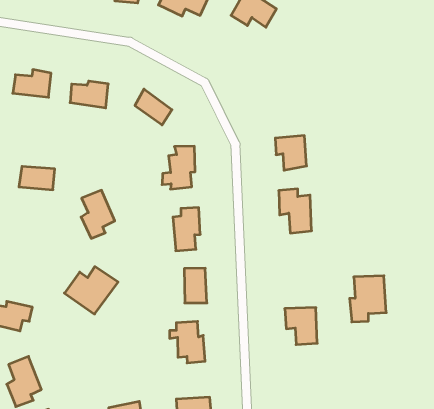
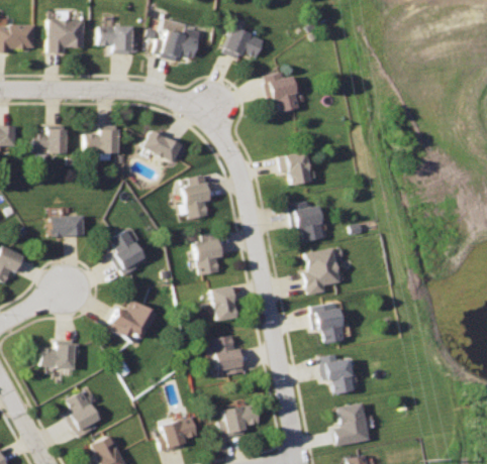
building: none -> [264,71,301,112]
building: [350,276,386,322] -> [305,247,340,294]
building: none -> [322,357,355,392]

